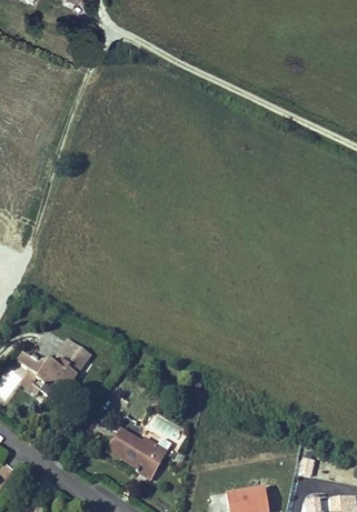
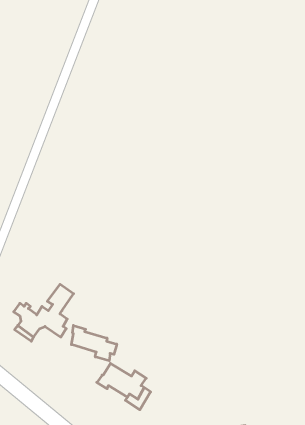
building: none -> [71,325,117,361]

